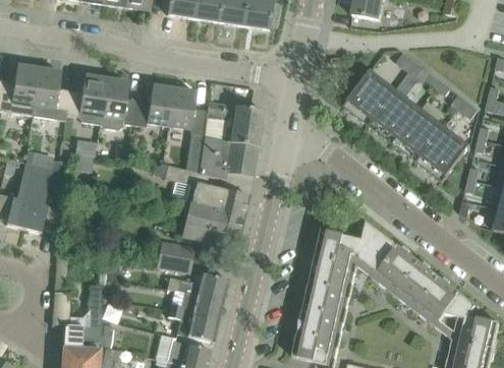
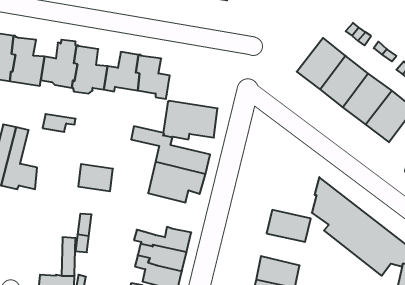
building: [204,102,262,144] -> none
building: [316,229,363,263] -> none
building: [157,242,194,271] -> [78,164,113,191]
building: [303,280,351,314] -> none

